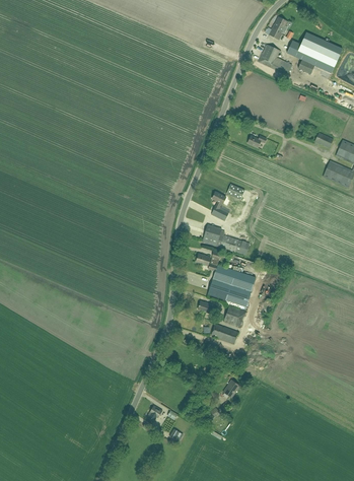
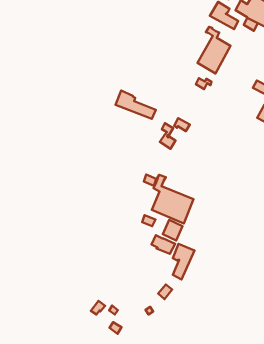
building: none -> [197,27,231,73]
building: [202,223,250,254] -> [116,90,156,119]
building: none -> [173,244,194,279]

